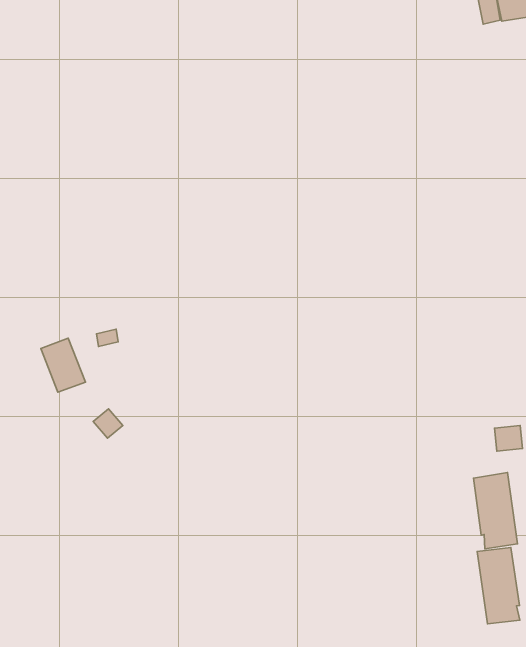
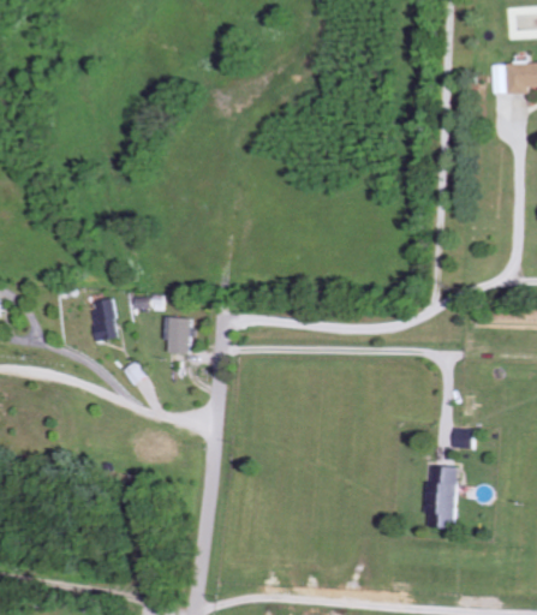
building: none -> [166,316,193,353]
building: [477,547,520,624] -> none

